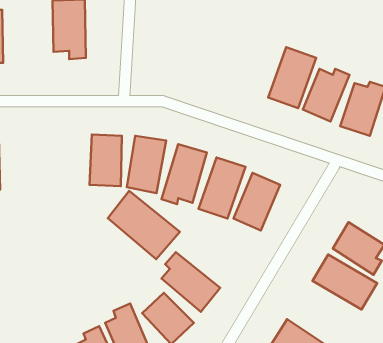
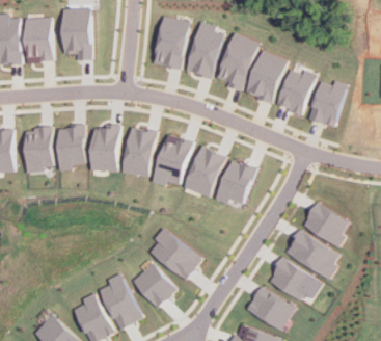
building: none -> [152,16,189,69]
building: none -> [21,17,50,63]
building: none -> [185,22,225,78]
building: none -> [215,32,260,89]
building: none -> [57,126,85,170]
building: none -> [25,127,52,173]
building: [108,191,180,259] -> none
building: none -> [268,257,315,300]

